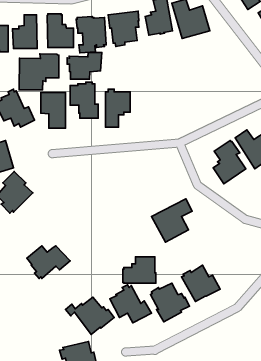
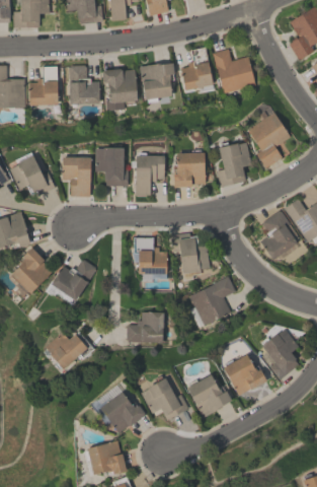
building: [67,52,102,79] -> none
building: [19,54,59,90] -> none
building: none -> [248,113,291,168]
building: none -> [217,142,251,187]
building: none -> [173,150,206,187]
building: none -> [170,233,209,280]
building: none -> [134,237,166,275]
building: none -> [51,261,96,300]
building: none -> [261,329,299,379]
building: [123,257,156,283] -> [127,312,164,343]

